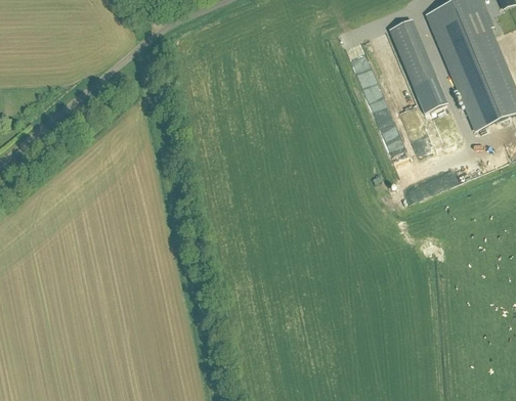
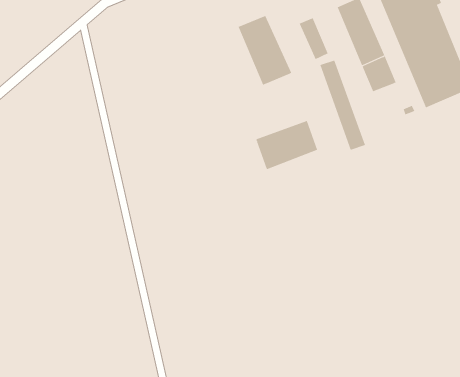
building: none -> [238,15,292,85]
building: none -> [256,120,318,170]

